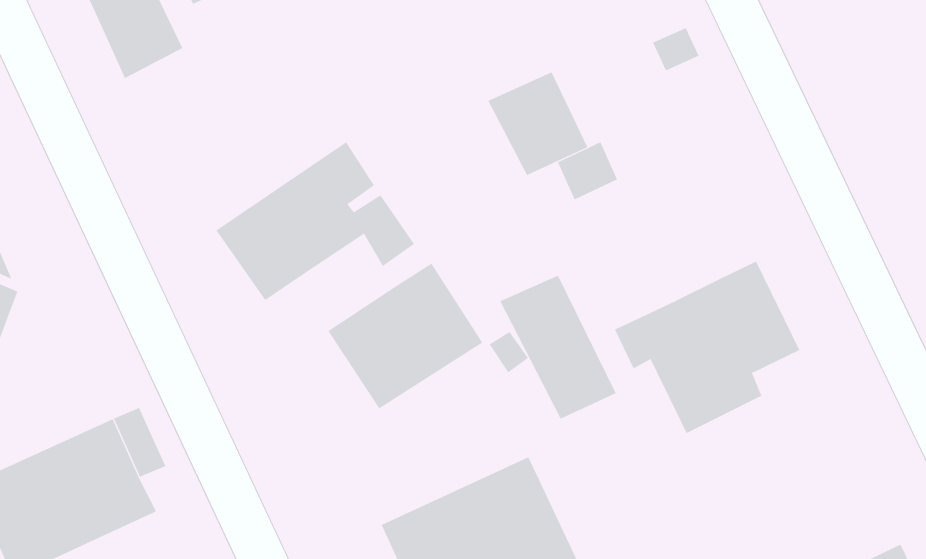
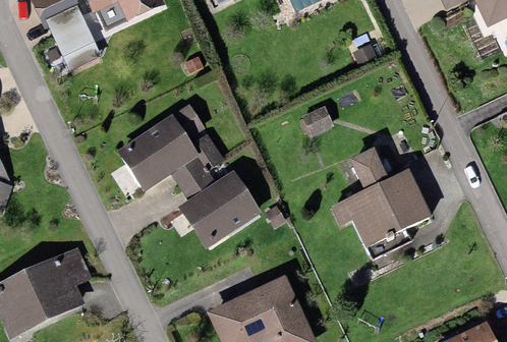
building: [488,71,588,176] -> none
building: none -> [349,148,389,190]
building: none -> [170,155,215,201]
building: [500,275,616,420] -> none

